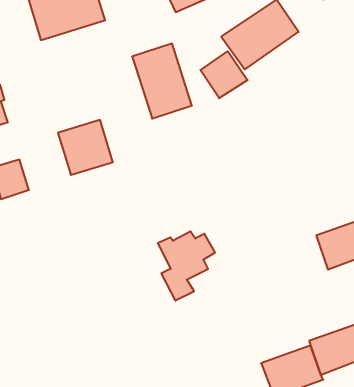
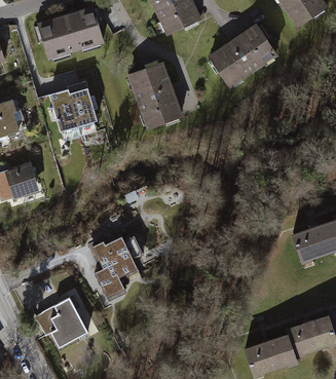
building: [200,51,248,98] -> none
building: [58,120,113,175] -> [49,81,98,129]
building: [158,231,215,301] -> [92,234,143,295]
building: none -> [42,298,89,345]

